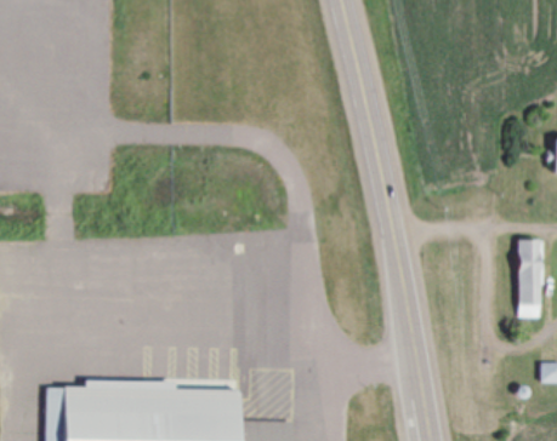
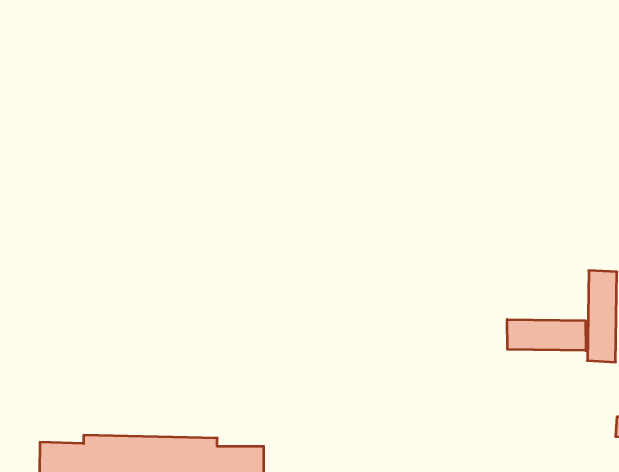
building: none -> [507,319,586,351]

